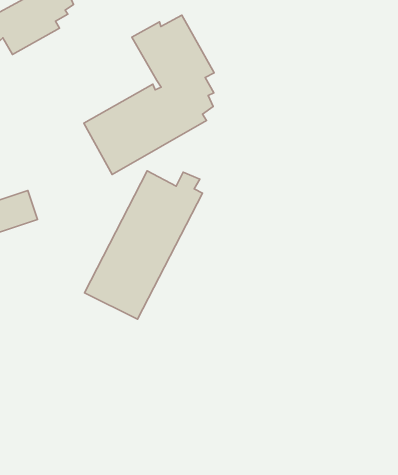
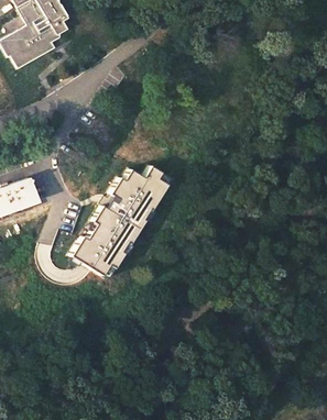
building: [84,15,214,175] -> none

